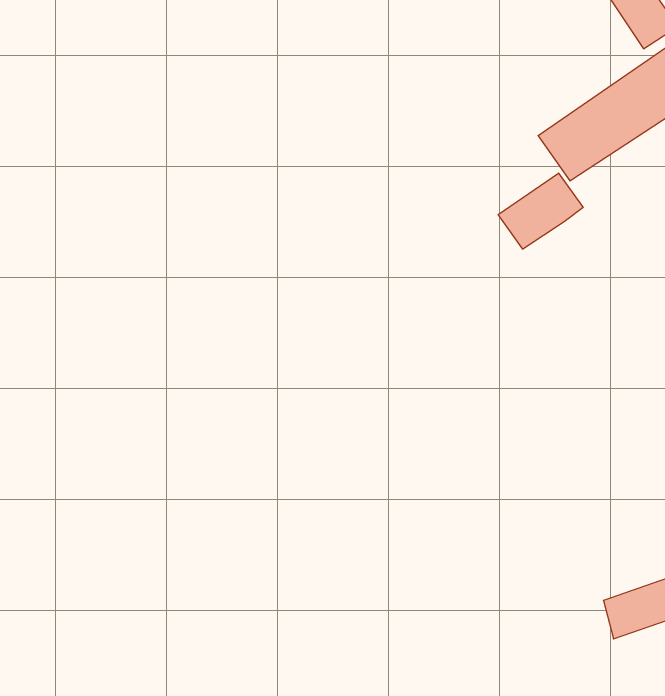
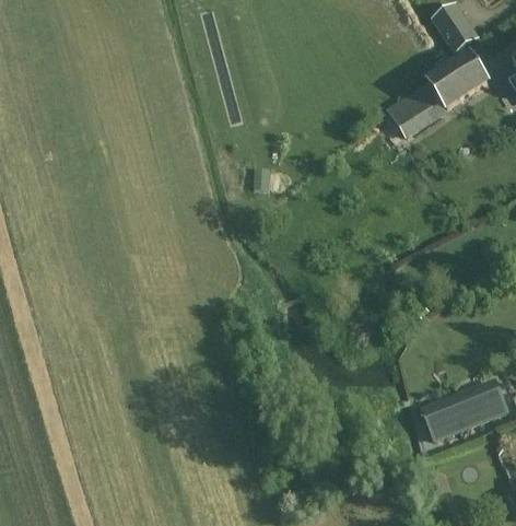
building: [498,173,583,249] -> none

